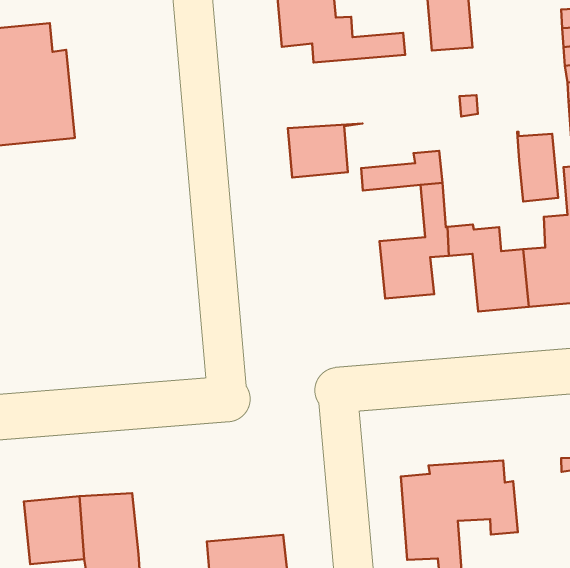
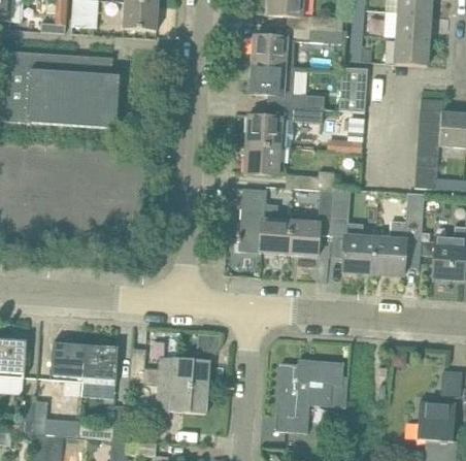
building: none -> [245,106,323,147]
building: [517,132,558,202] -> none
building: none -> [238,189,290,255]
building: none -> [129,349,210,387]

